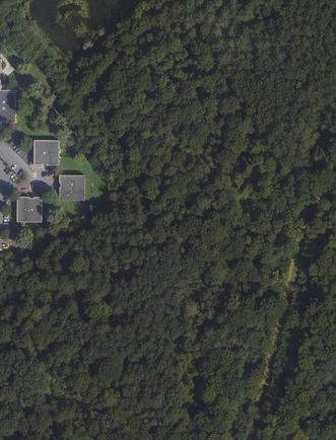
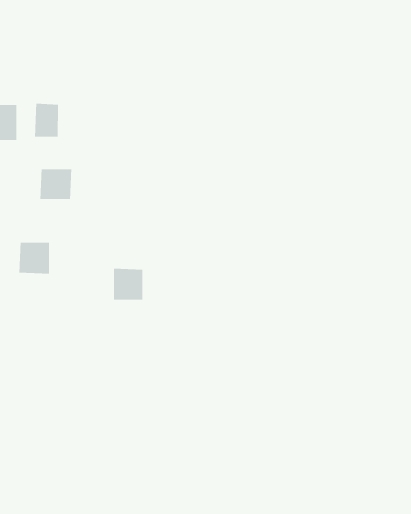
building: none -> [34,103,59,137]
building: [59,175,82,201] -> [113,268,143,300]

